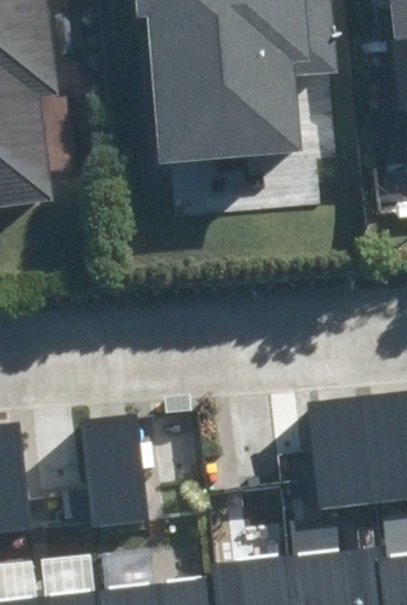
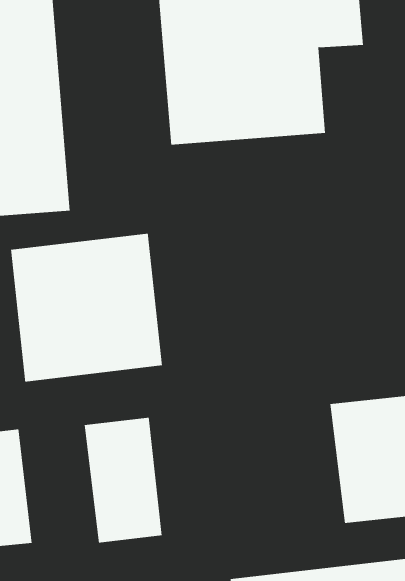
building: none -> [10,233,163,382]

